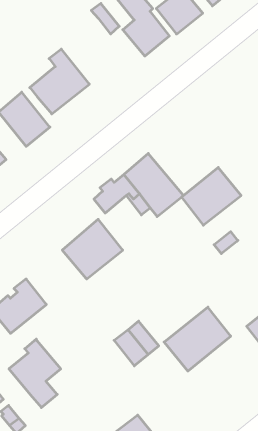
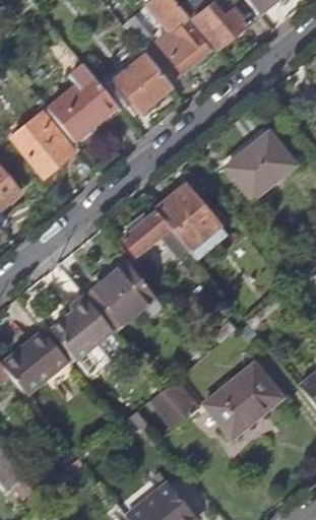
building: none -> [109,54,172,112]
building: [181,167,241,225] -> [226,133,295,200]
building: [9,339,61,408] -> [53,296,113,375]

